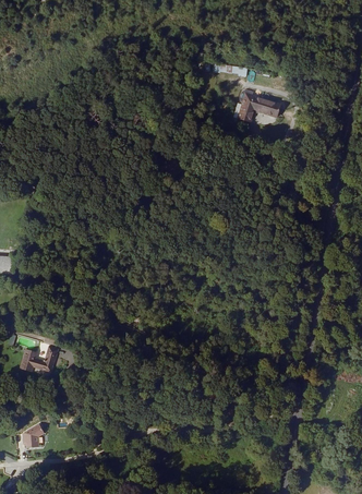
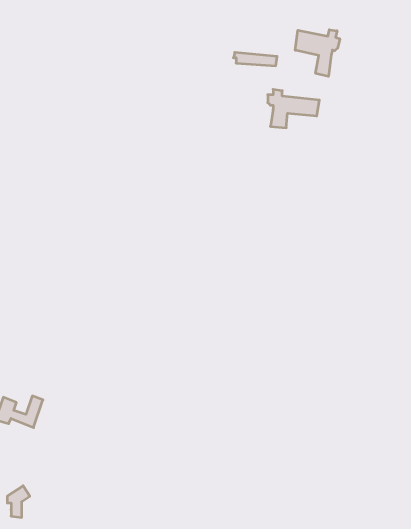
building: none -> [295,30,340,76]

